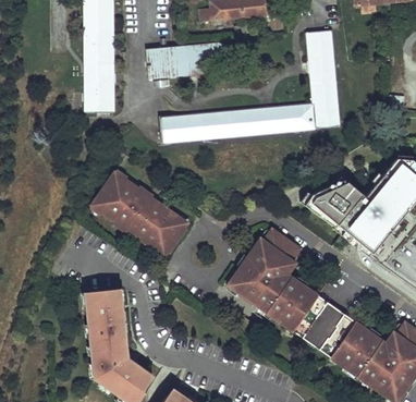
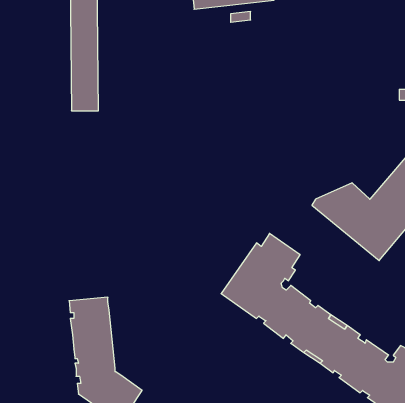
building: [161,31,340,145] -> none
building: [145,44,222,81] -> none
building: [90,171,187,256] -> none

